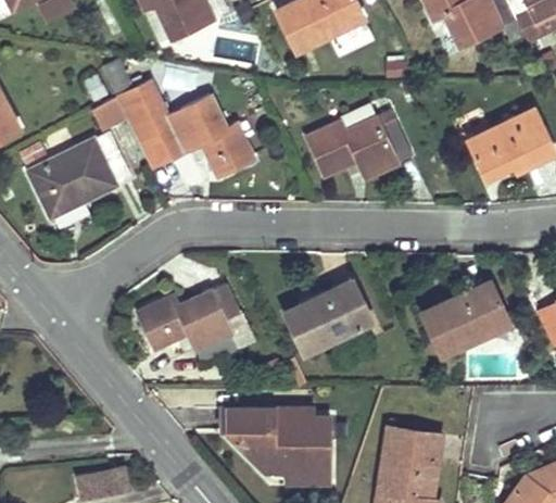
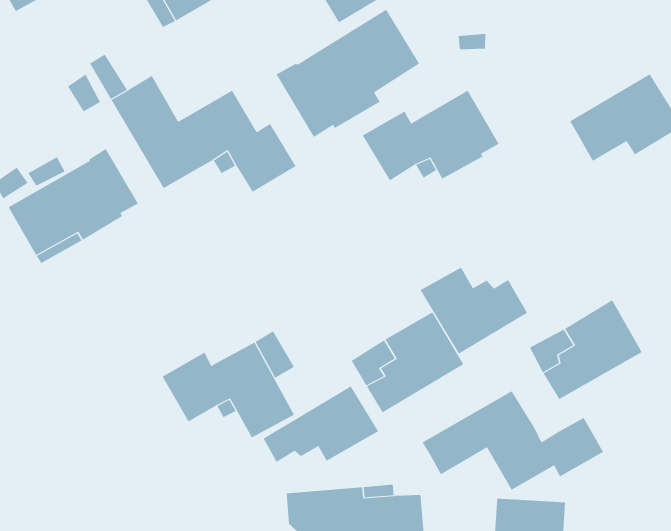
building: none -> [276,9,420,138]
building: none -> [420,267,528,355]
building: none -> [263,385,379,463]
building: none -> [422,391,604,491]

